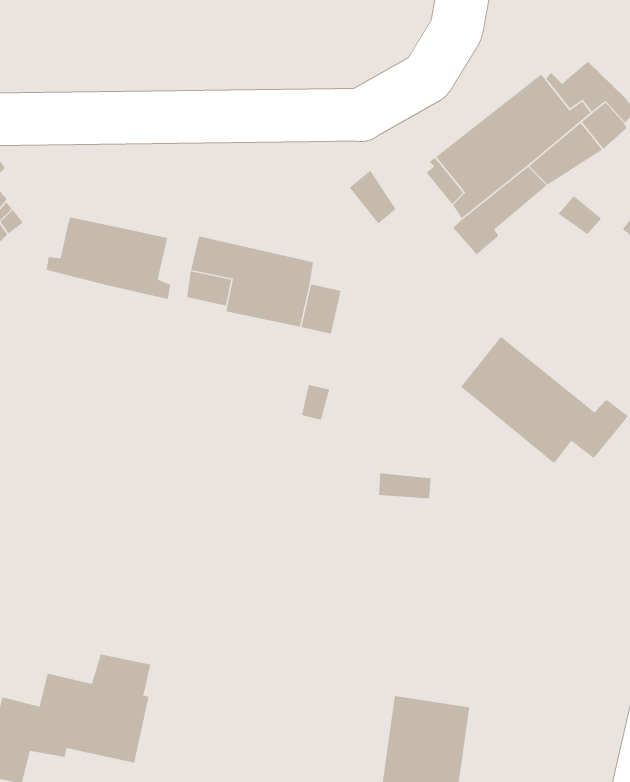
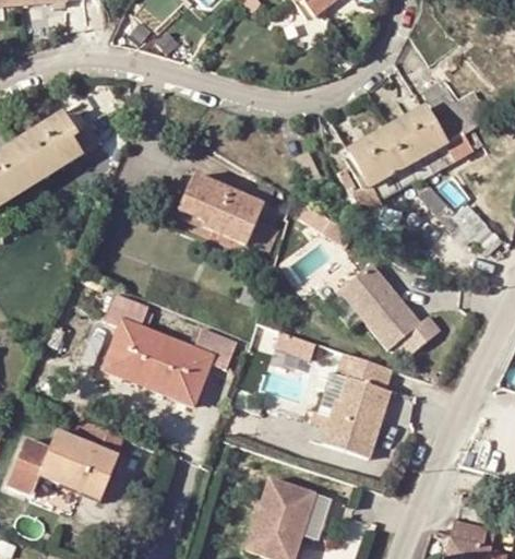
building: [46,216,171,300] -> none
building: none -> [103,288,237,403]
building: none -> [319,350,391,457]

